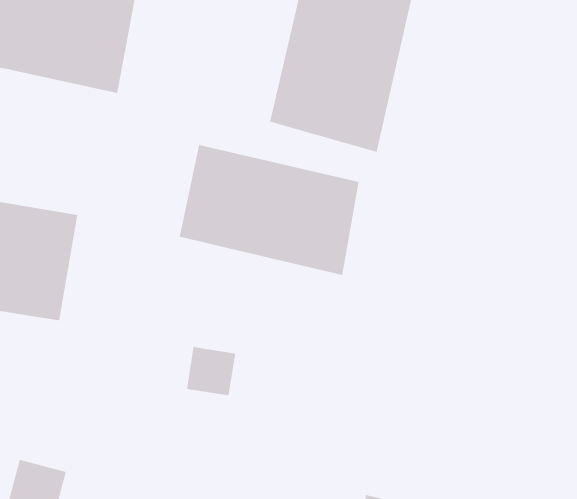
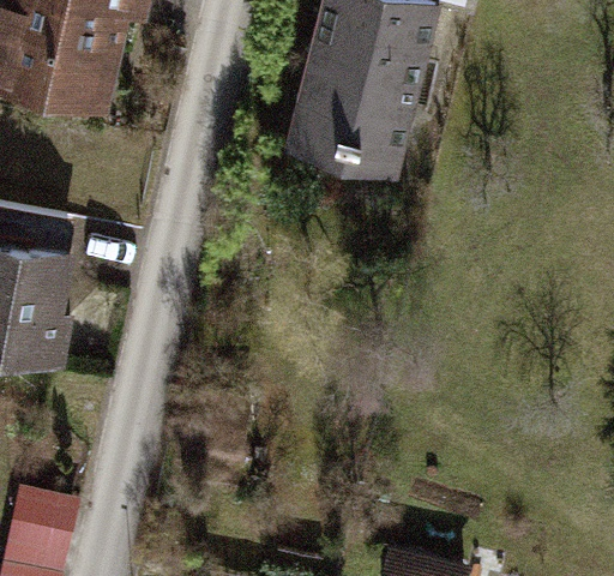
building: [179,144,359,276] -> none

